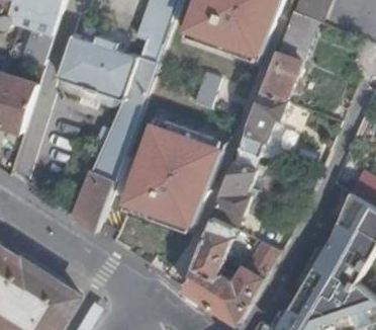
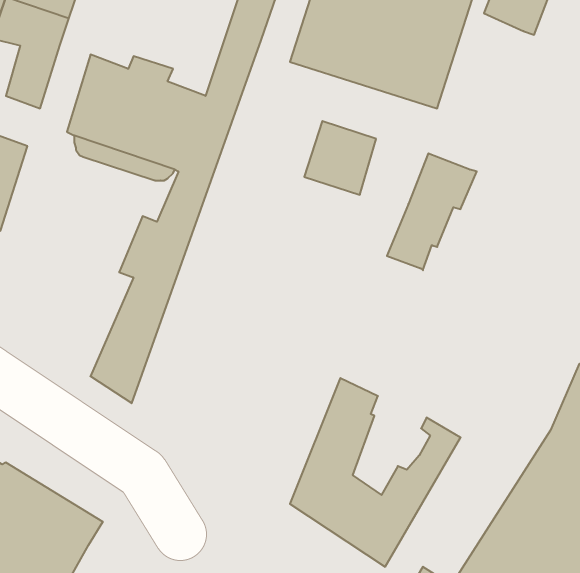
building: [260,9,313,97] -> none
building: [117,114,226,235] -> none
building: [215,146,256,212] -> none

